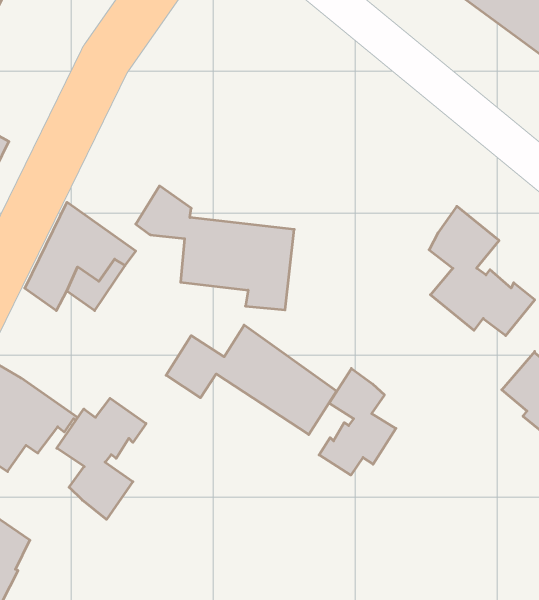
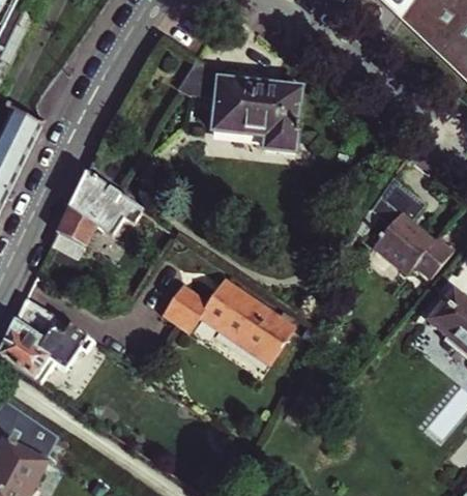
building: [136,186,294,310] -> [175,56,299,153]
building: [319,368,396,475] -> none
building: [57,398,146,519] -> none

